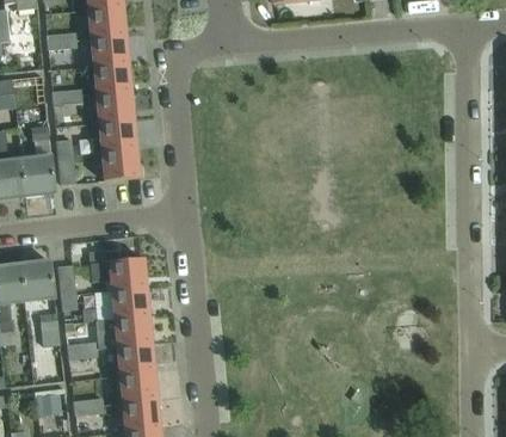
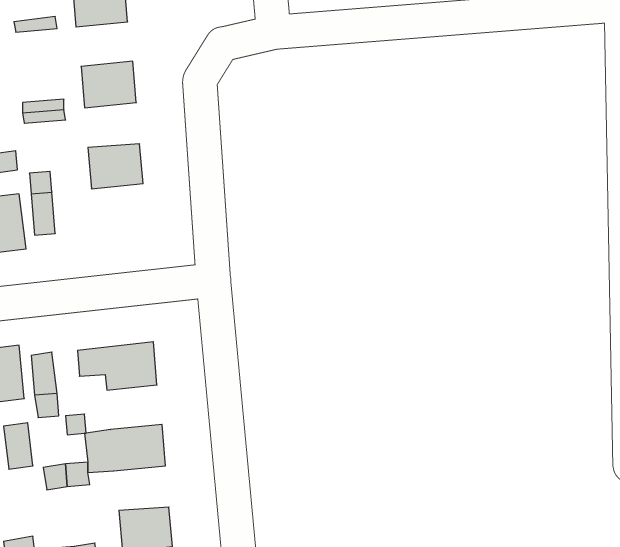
building: [88,35,128,66] -> none
building: [94,91,132,122] -> none
building: [99,147,138,179] -> none
building: [110,287,148,318] -> none
building: [115,343,153,374] -> none

